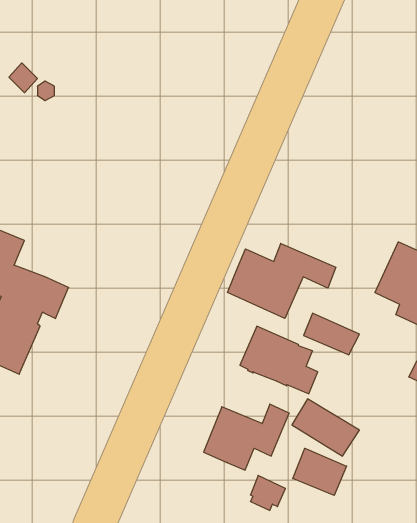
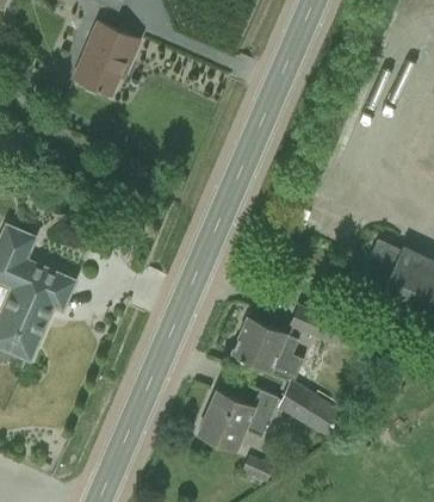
building: none -> [73,21,140,93]
building: [227,243,336,318] -> none
building: [293,448,347,495] -> none

